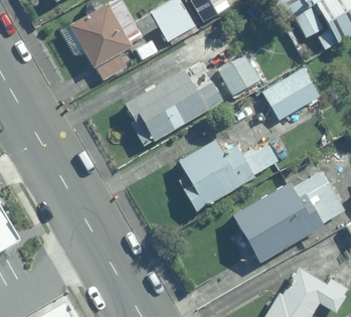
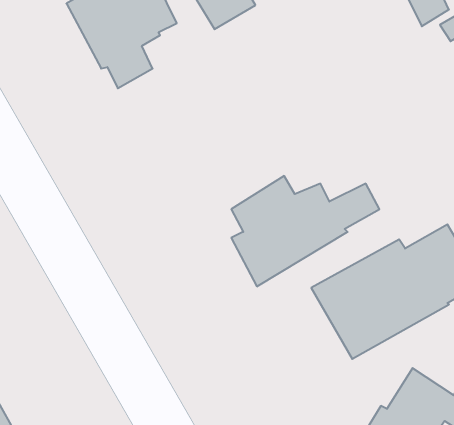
building: [218,55,260,96] -> none
building: [264,68,320,121] -> none
building: [125,69,223,146] -> none

